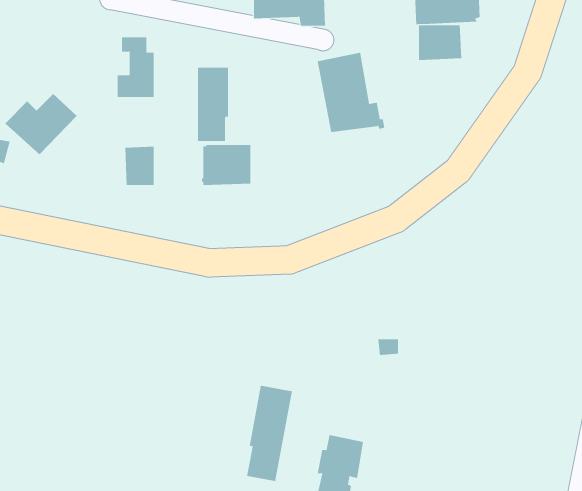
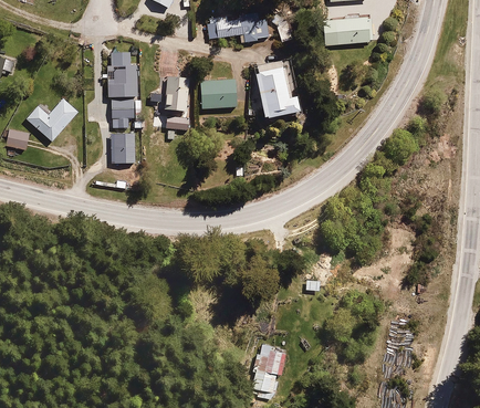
building: [418,24,462,61] -> none
building: none -> [111,97,135,127]
building: [201,144,251,185] -> [199,79,236,108]
building: [247,385,292,482] -> none

